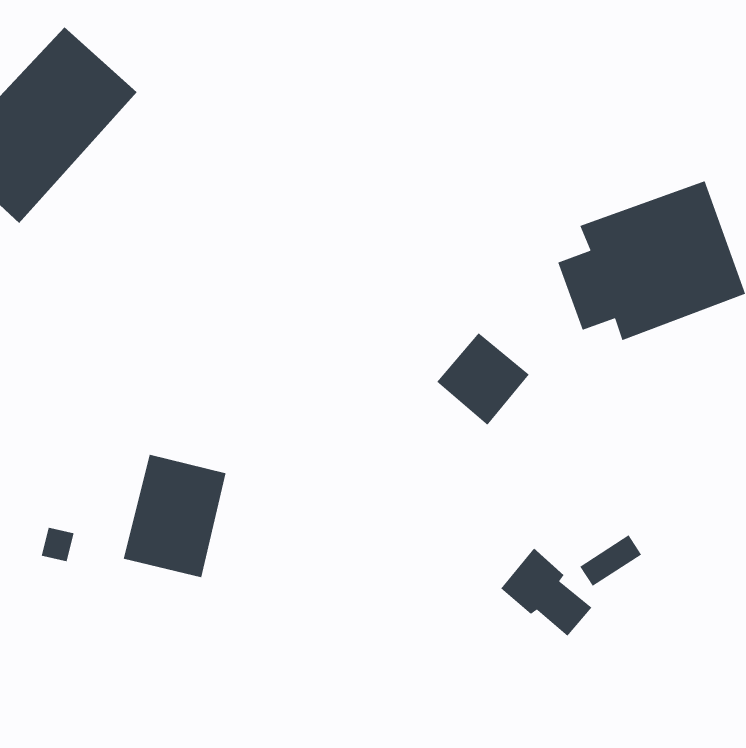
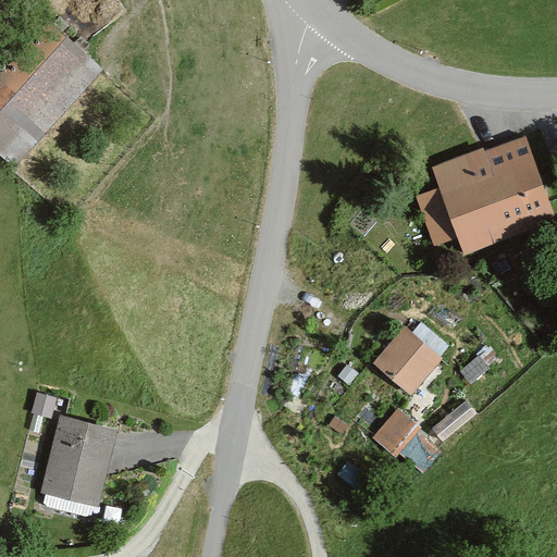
building: [436,332,530,426] -> [372,325,442,395]
building: [123,454,227,578] -> [39,414,116,507]

